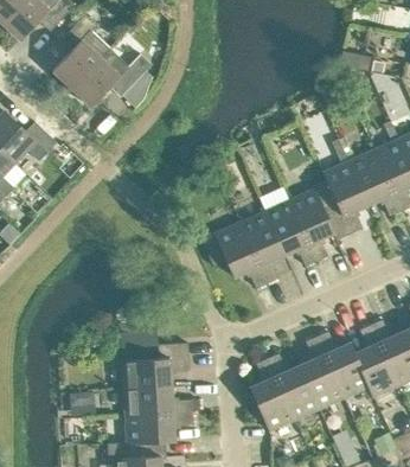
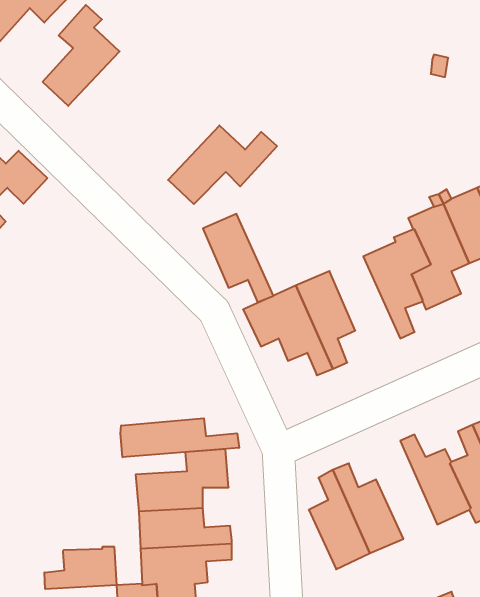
building: [71,49,152,107] -> [168,125,277,204]
building: [264,200,316,266] -> [203,214,273,302]
building: none -> [120,418,239,457]
building: [299,337,344,409] -> none
building: none -> [44,547,116,589]

